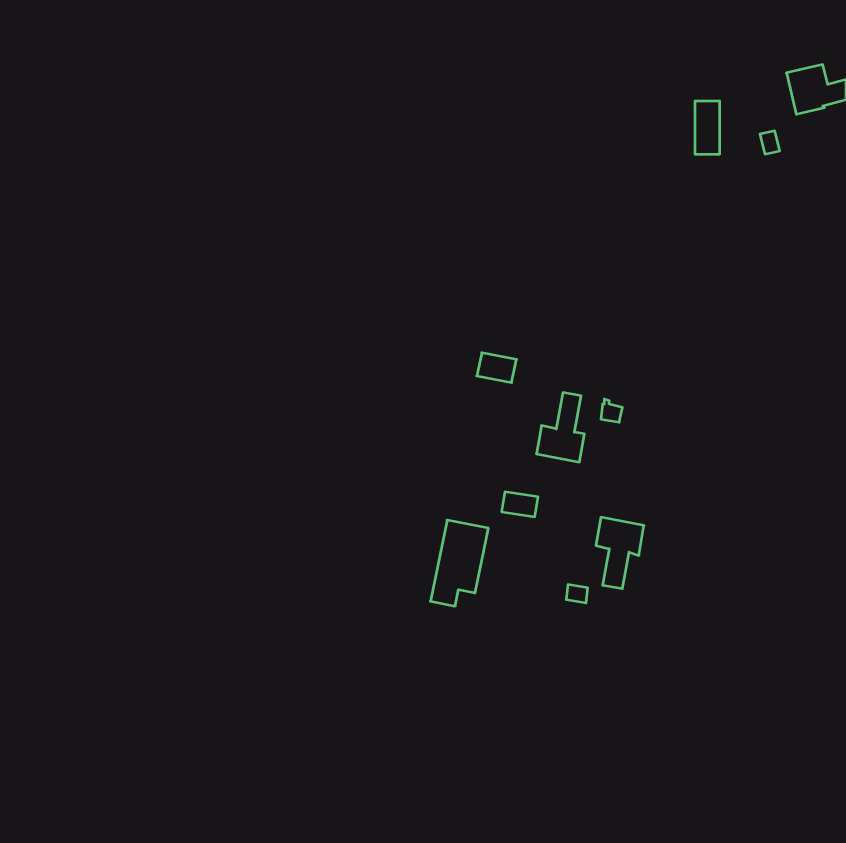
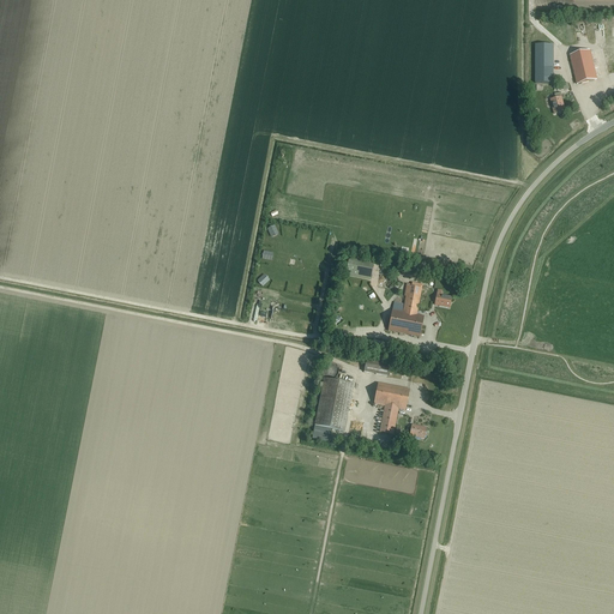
building: [695,101,720,154] -> [535,43,553,82]
building: [596,517,644,589] -> [374,381,409,433]

